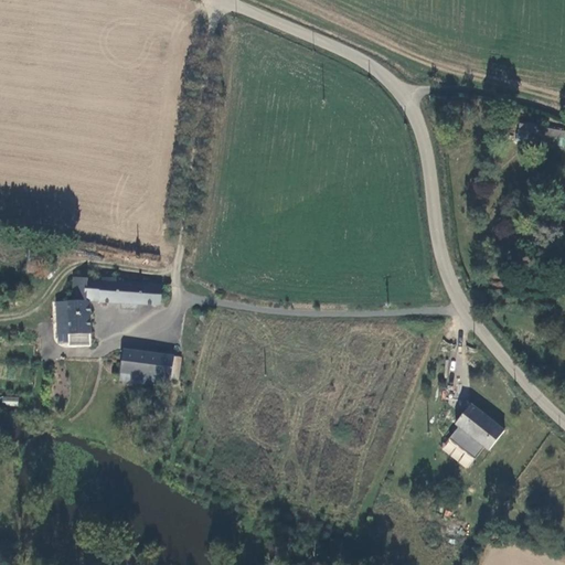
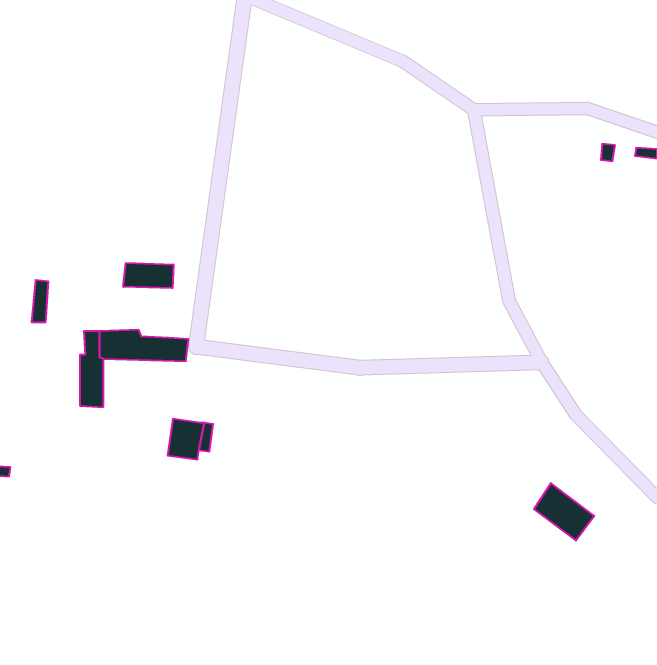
building: none -> [123,263,173,288]
building: [117,350,146,384] -> none

